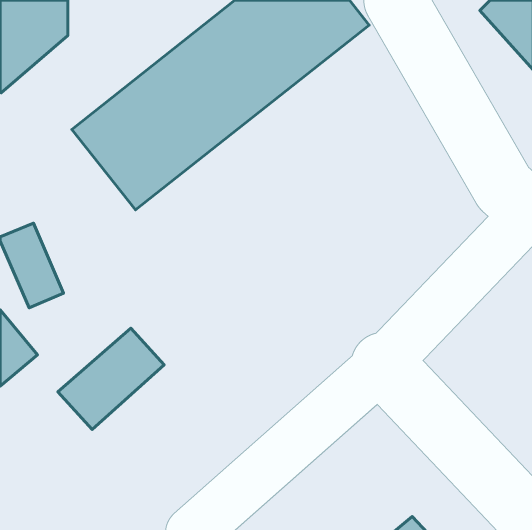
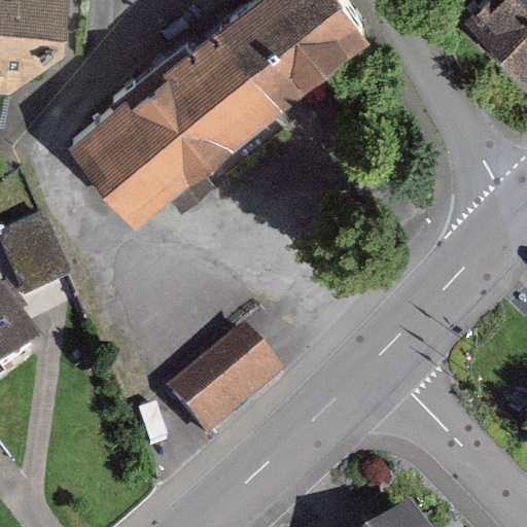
building: [58,328,164,429] -> [176,335,281,434]

